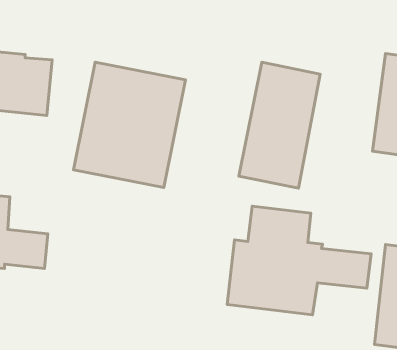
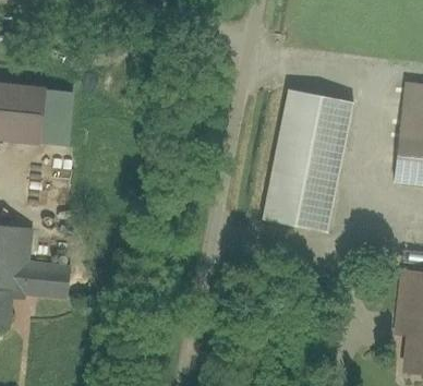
building: [74,62,185,188] -> none
building: [227,206,371,315] -> none

